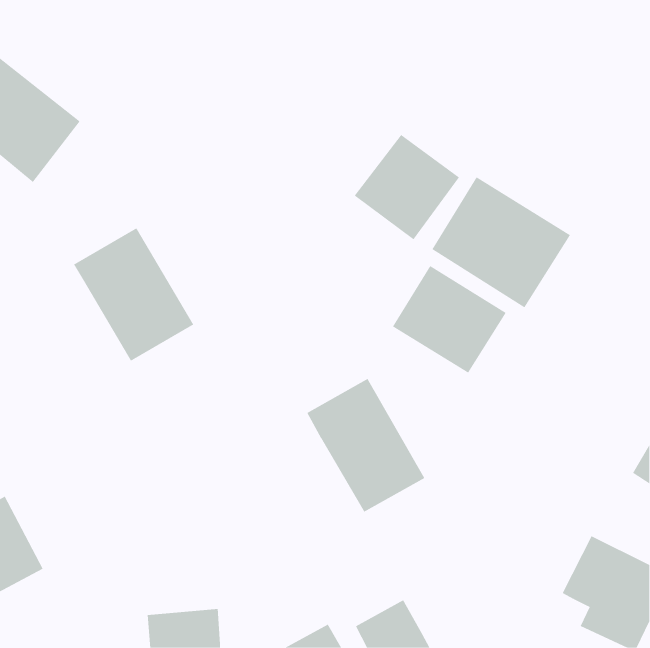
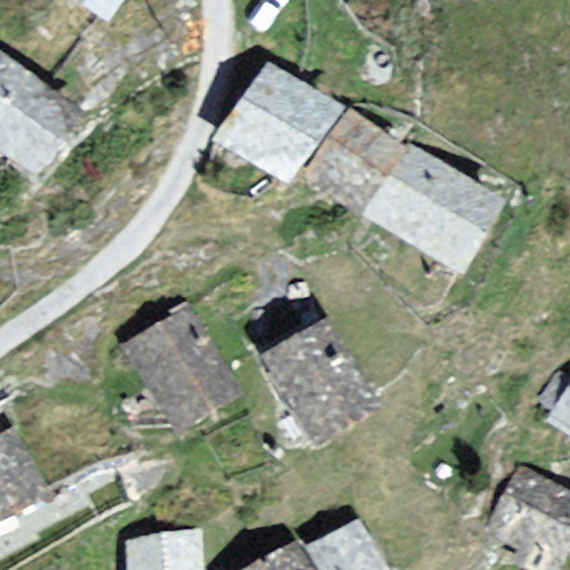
building: none -> [223,71,328,179]
building: [73,227,194,362] -> [127,314,233,431]
building: [392,265,506,373] -> none

